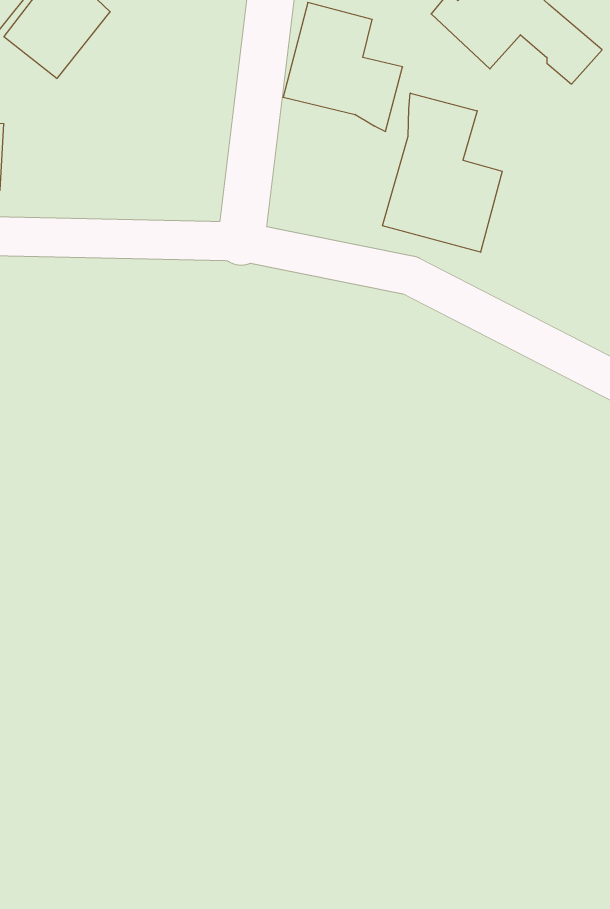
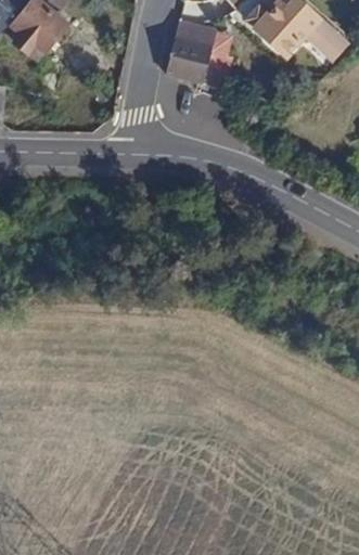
building: [382,93,502,252] -> none

